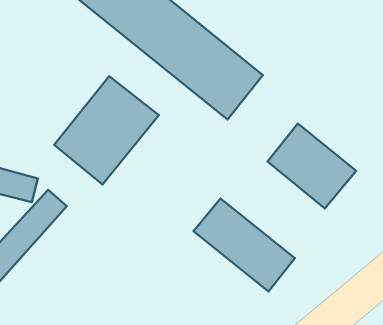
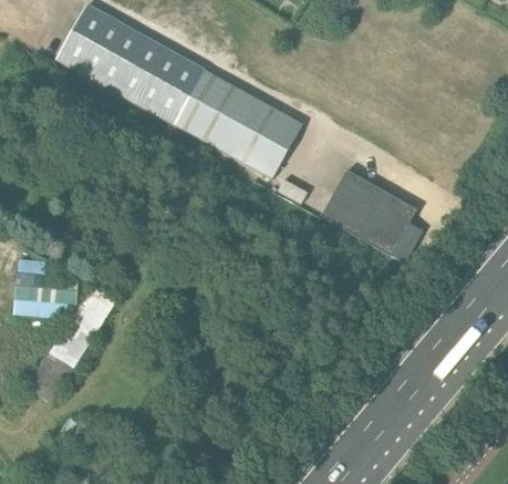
building: [54,76,159,185] -> none
building: [194,199,295,292] -> none

